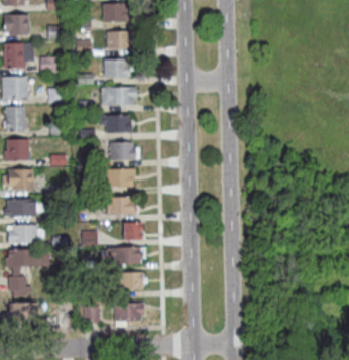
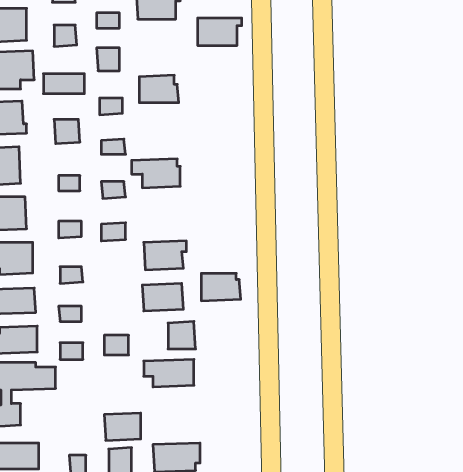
building: [106,31,135,49] -> [198,18,242,45]
building: [101,87,137,105] -> none
building: [110,142,136,160] -> [201,273,241,301]
building: [119,272,143,290] -> [104,413,141,440]

